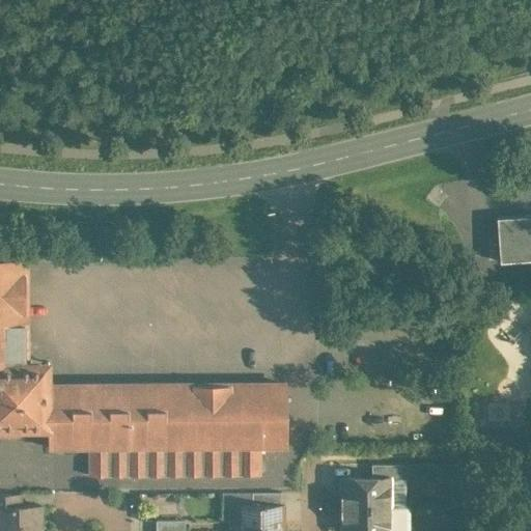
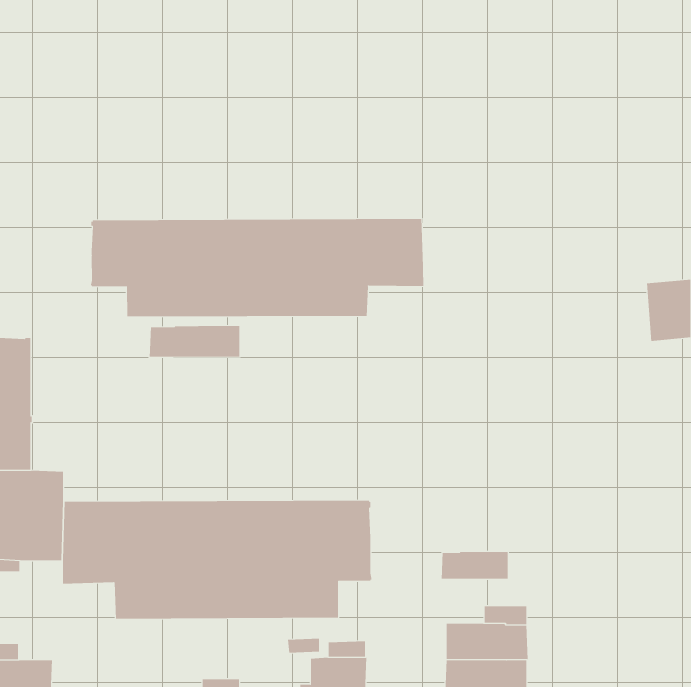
building: none -> [90,218,424,317]
building: none -> [149,325,240,358]
building: none -> [441,551,508,580]

